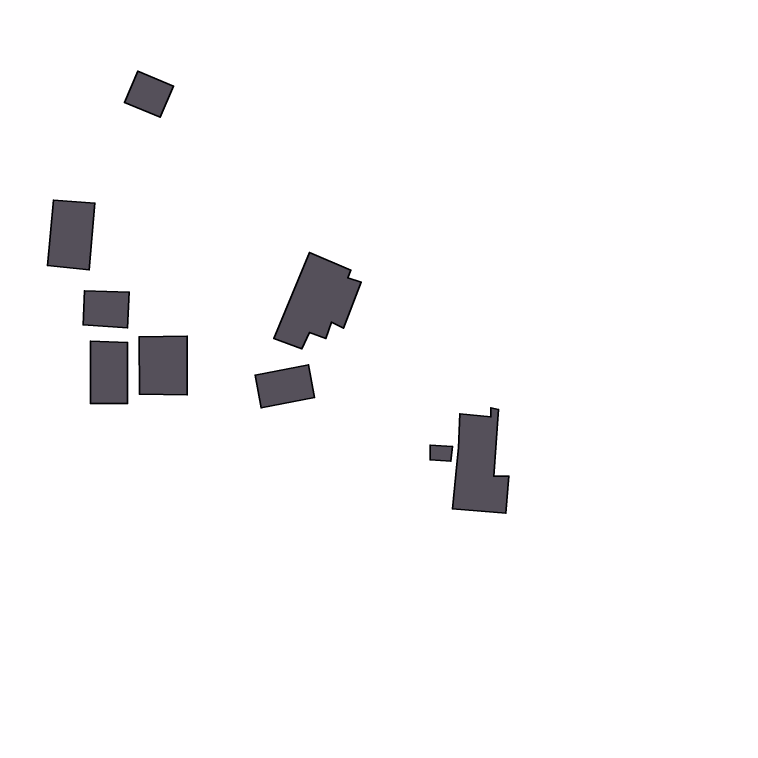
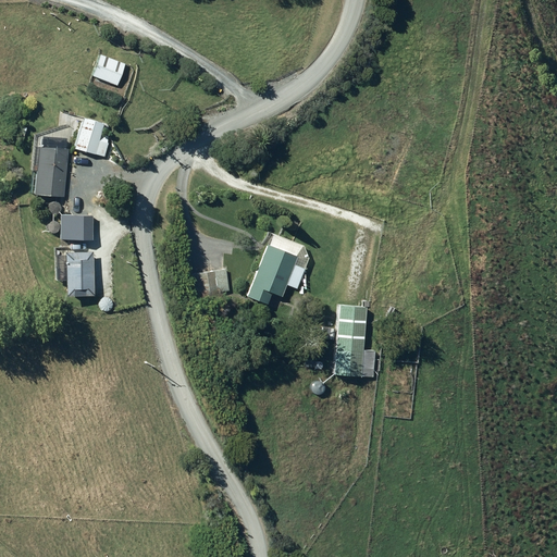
building: none -> [75,115,109,157]
building: [274,252,361,349] -> [246,233,310,304]
building: [139,336,187,395] -> none

